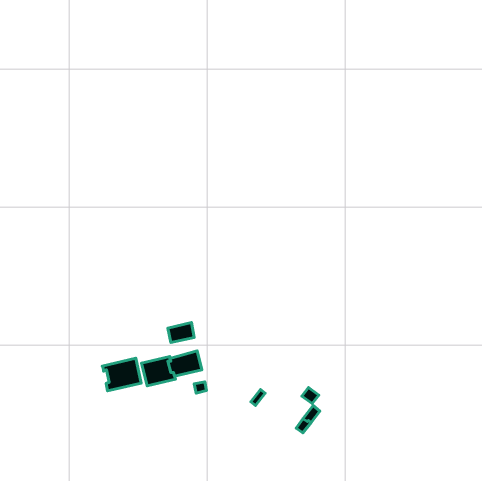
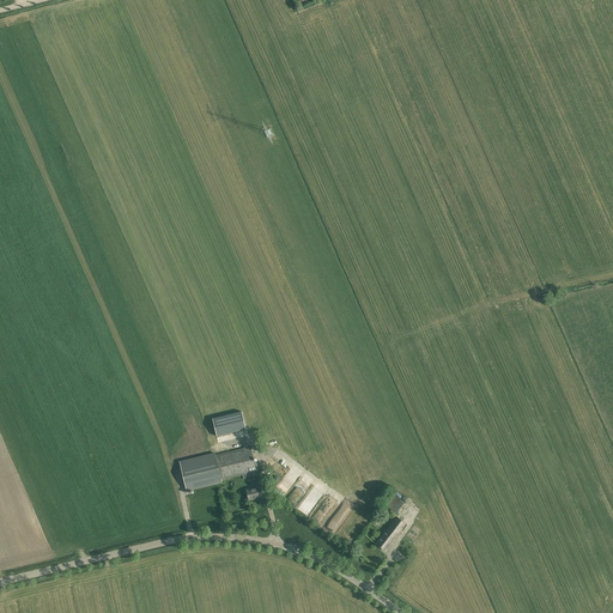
building: [102,358,141,391] -> none

